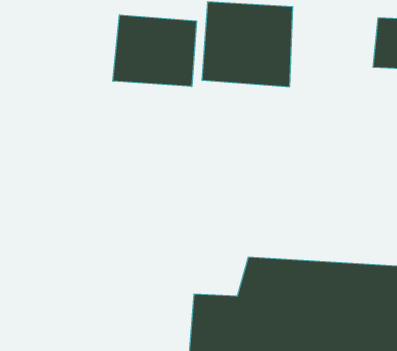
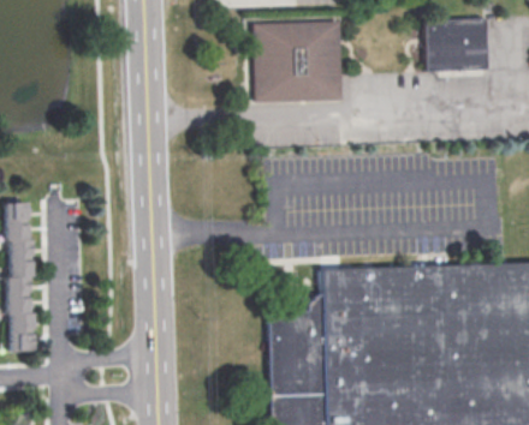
building: [113,15,196,87] -> none

